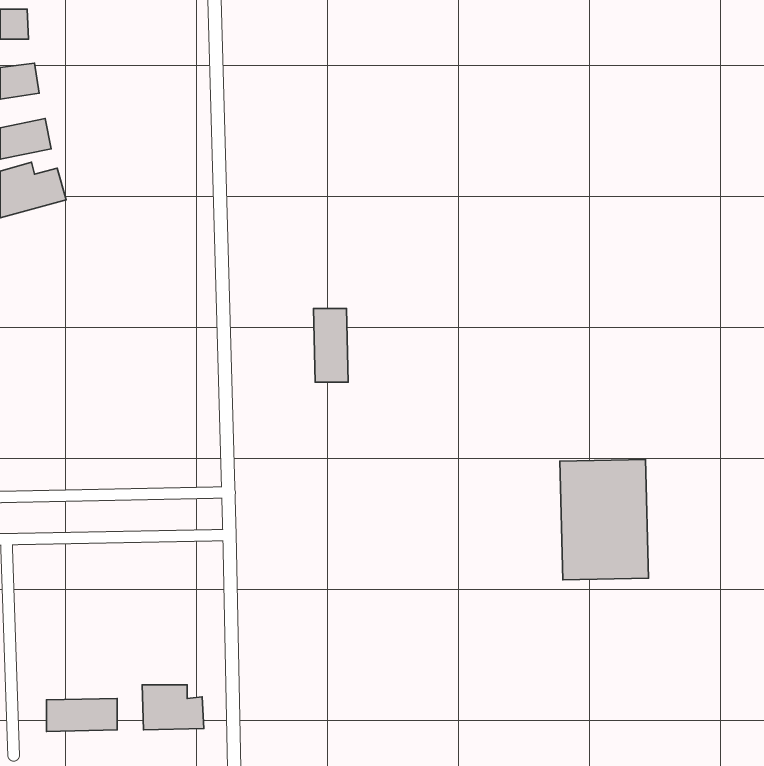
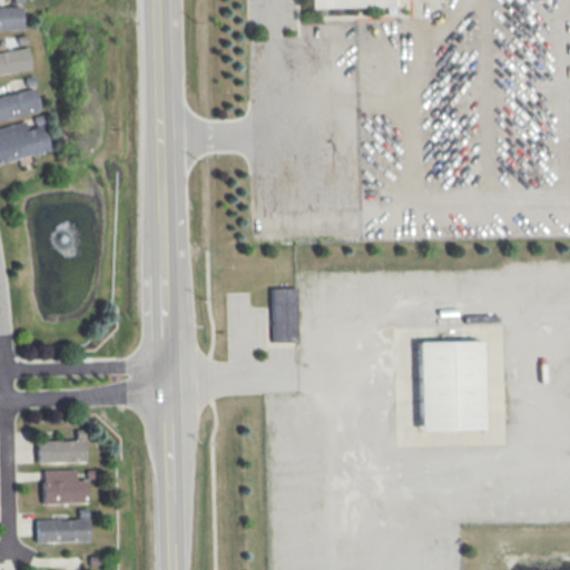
building: [313,309,348,382] -> [272,288,297,343]
building: none -> [37,440,86,464]
building: [142,685,204,730] -> [42,471,88,504]

